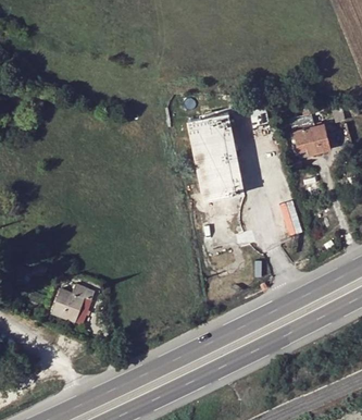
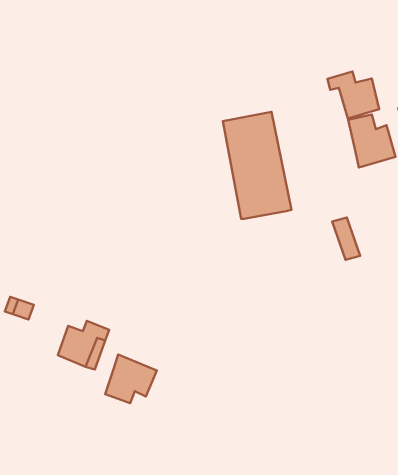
building: none -> [327,71,379,119]
building: none -> [105,355,157,403]

